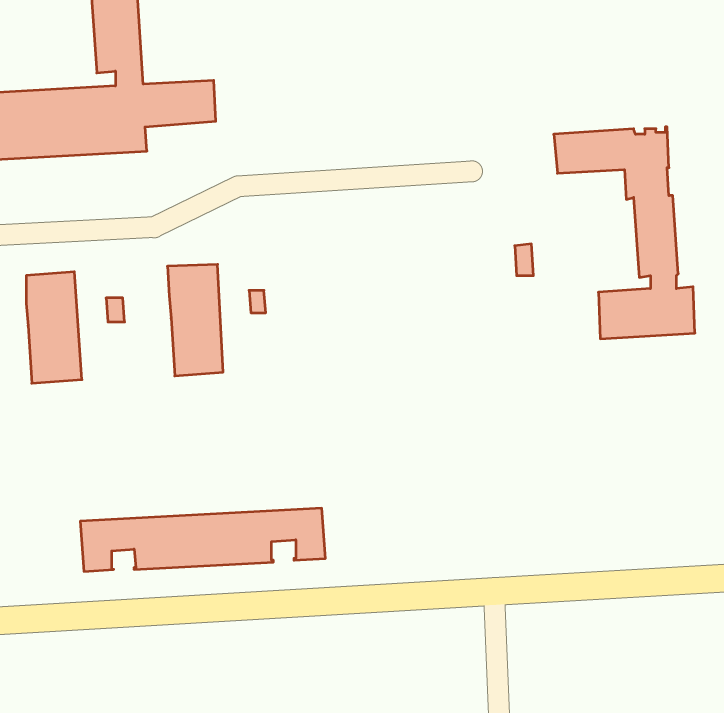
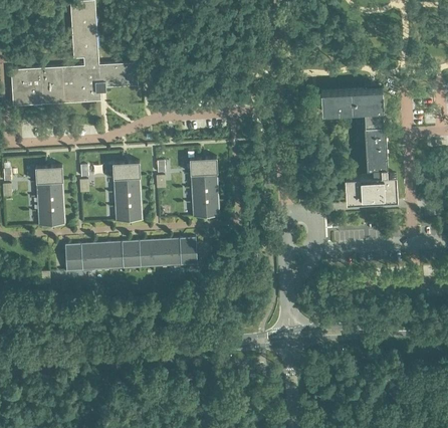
building: none -> [189,157,219,217]
building: [80,508,325,571] -> [64,237,197,271]

